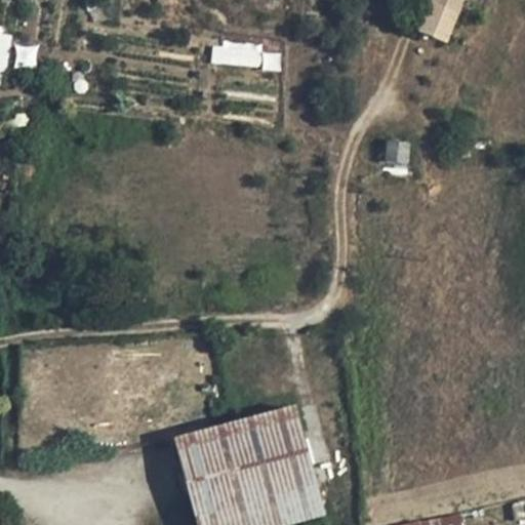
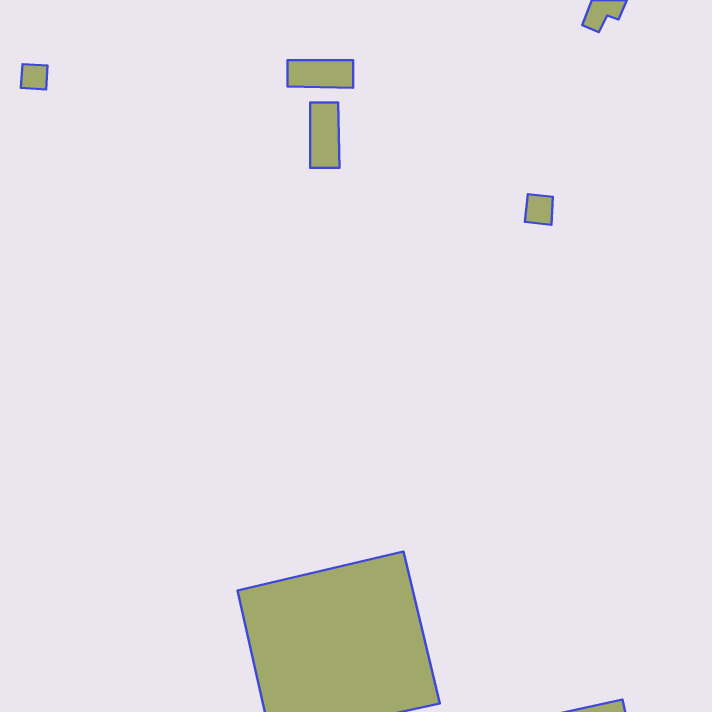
building: none -> [310,103,340,168]

